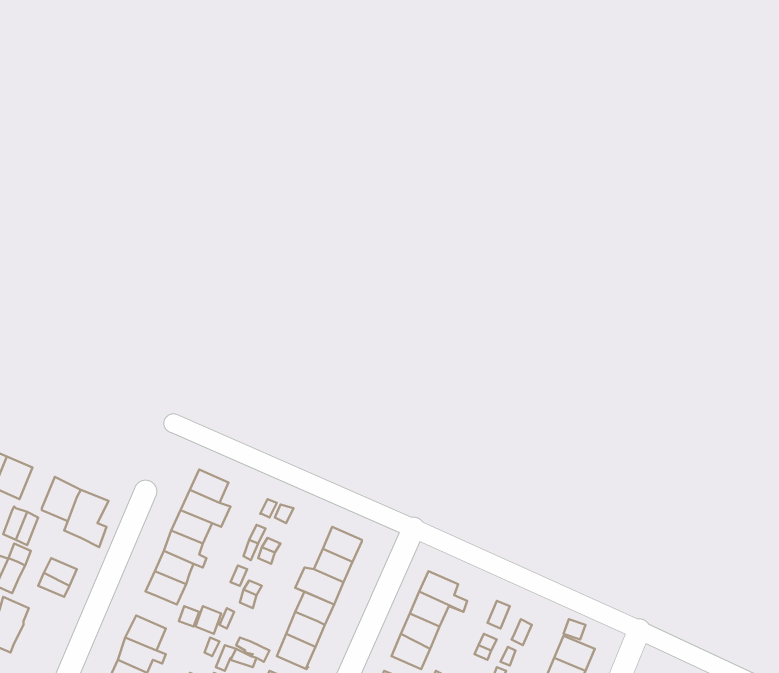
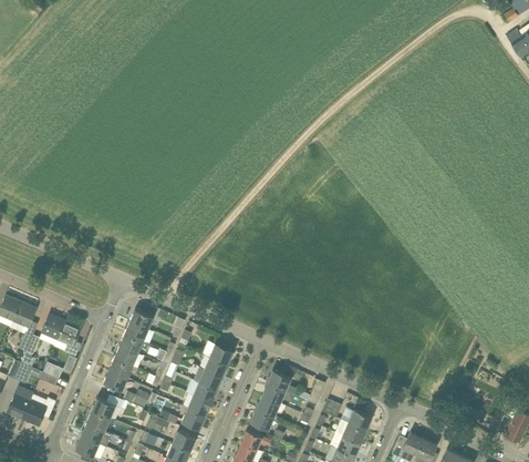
building: none -> [22,398,55,425]

